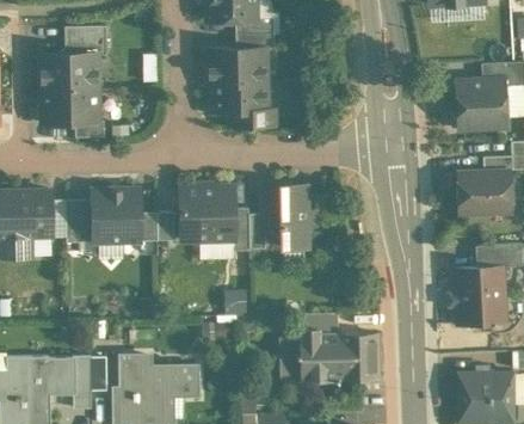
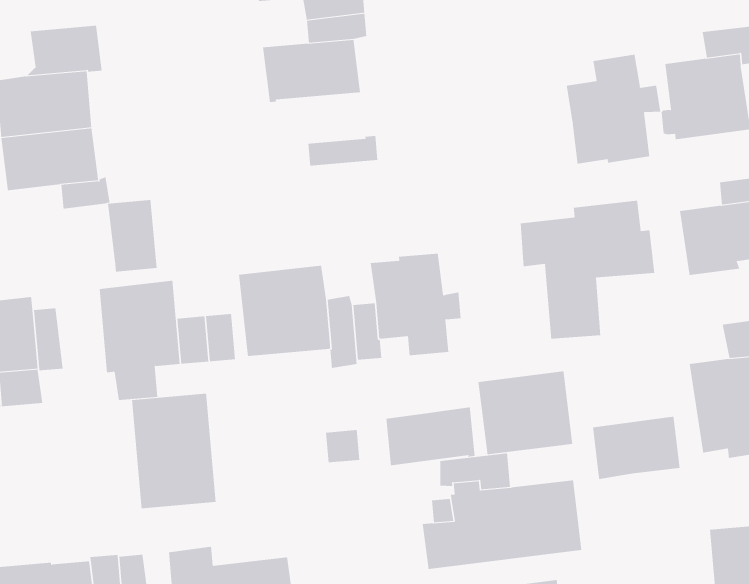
building: none -> [566,54,661,165]
building: [215,82,267,111] -> none
building: none -> [520,200,655,340]
building: [67,199,94,242] -> [107,200,157,272]
building: none -> [131,393,216,509]
building: none -> [478,371,573,455]
building: none -> [386,407,475,466]
building: none -> [592,416,680,480]

